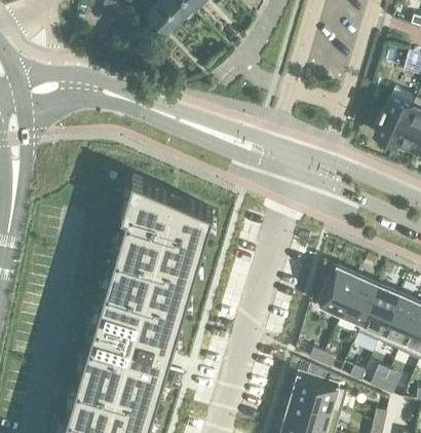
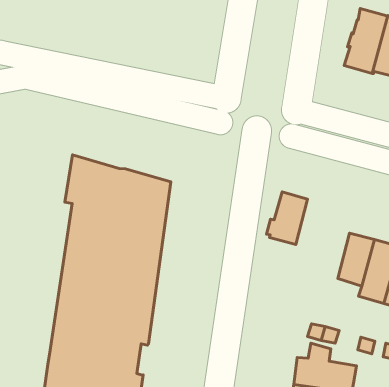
building: [318,267,357,314] -> [267,192,308,244]

